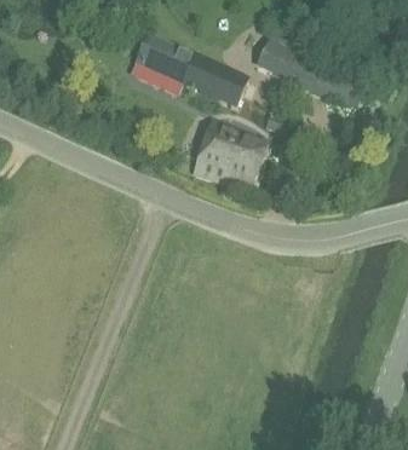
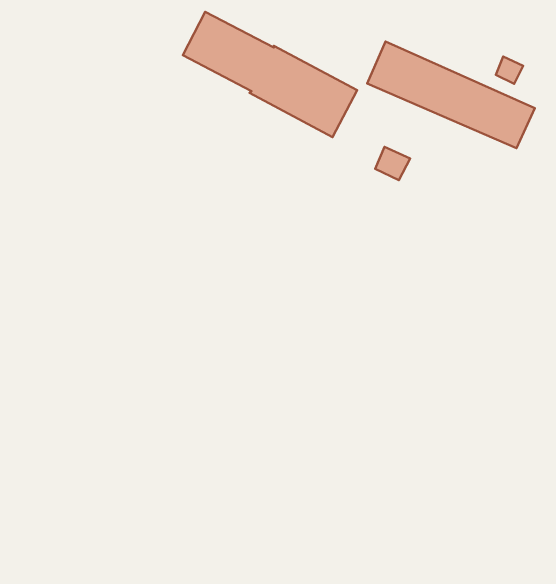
building: [195,117,268,189] -> none

